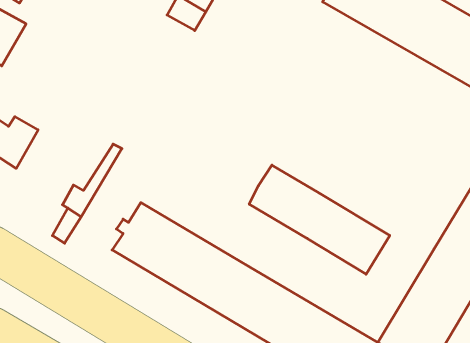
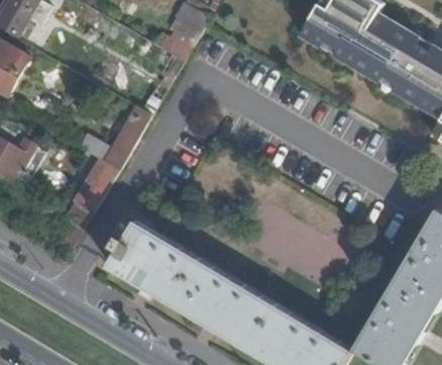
building: none -> [79,106,150,171]
building: [249,165,390,274] -> none

